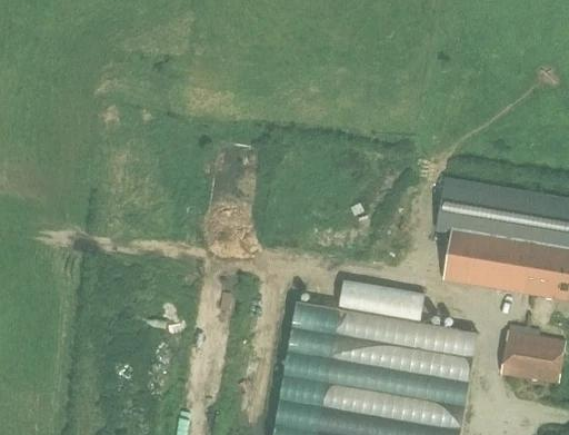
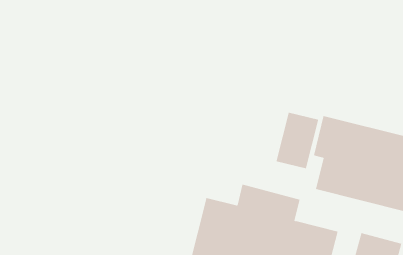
building: none -> [276,112,319,169]

